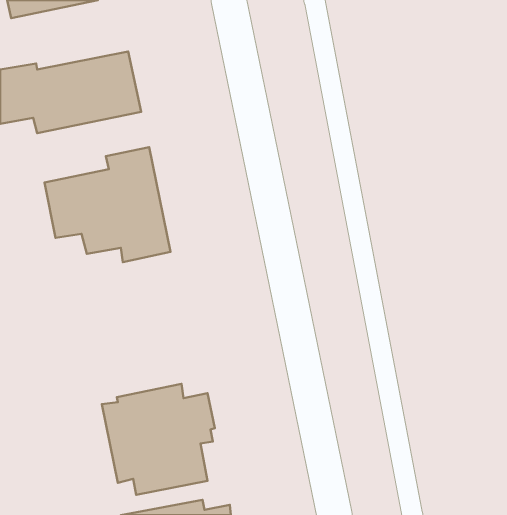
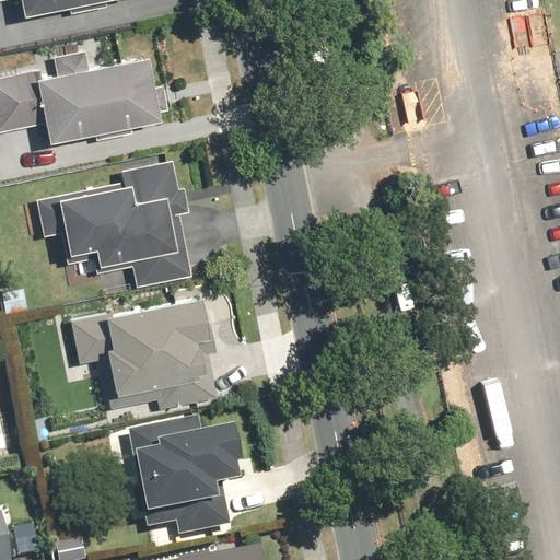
building: none -> [82,295,223,413]

